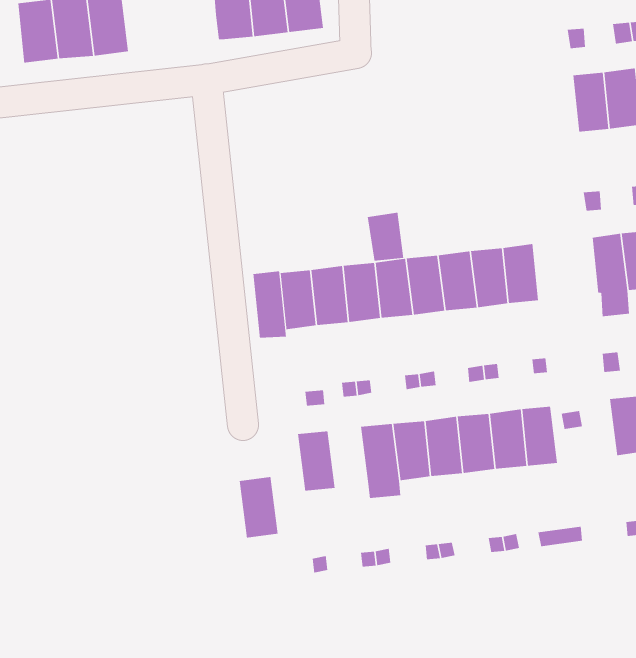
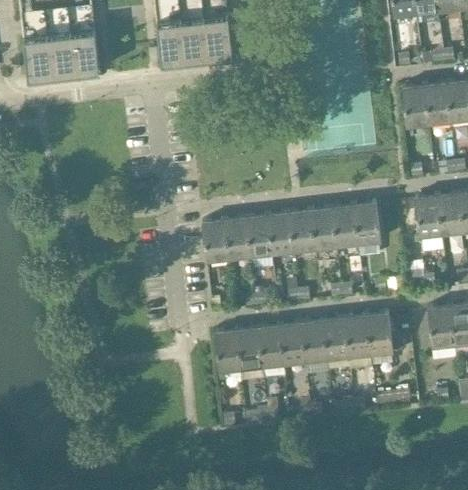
building: [367,212,404,262] -> none
building: [253,270,286,338] -> none
building: [239,477,278,538] -> [235,328,262,370]

